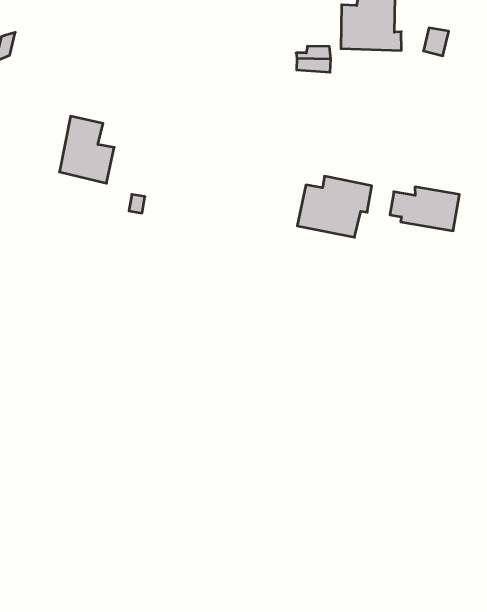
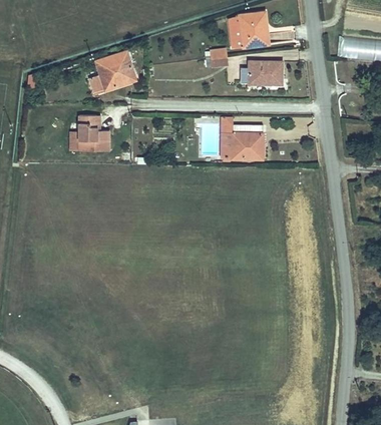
building: none -> [89,51,134,93]
building: [390,187,459,231] -> [242,61,281,83]

